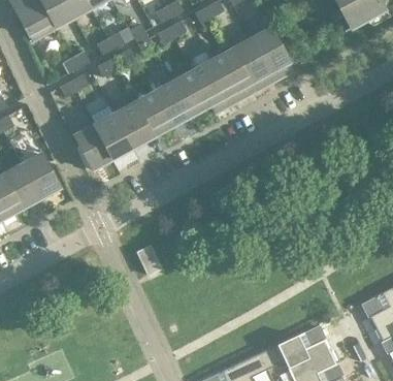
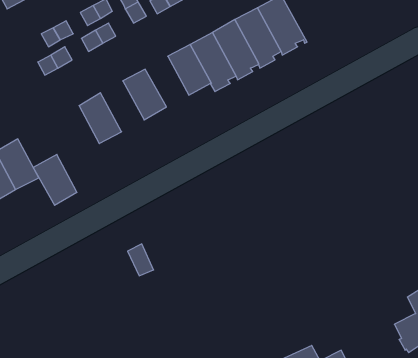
building: [153,82,191,126] -> none
building: [113,103,152,148] -> none
building: [74,125,112,169] -> [33,154,77,205]

